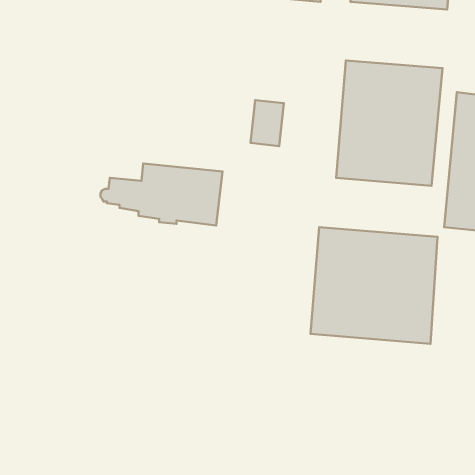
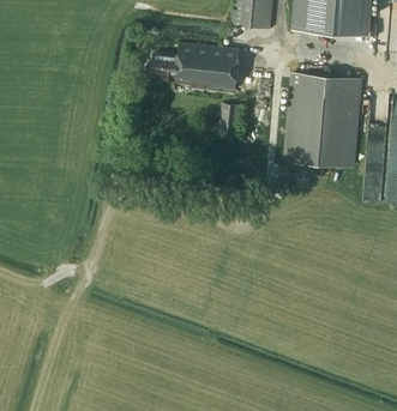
building: [100,163,223,225] -> [146,43,239,90]
building: [310,227,437,344] -> none

